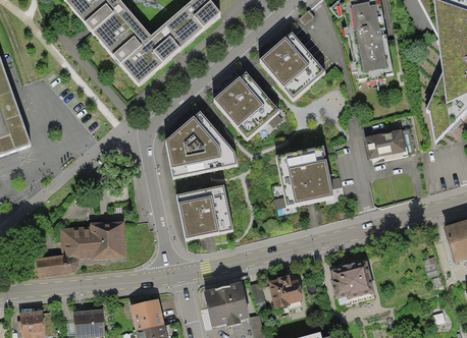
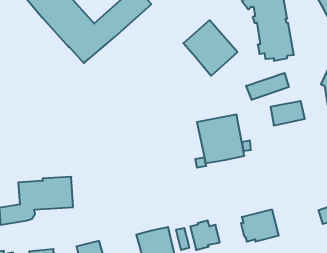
building: [213,71,279,138] -> none
building: none -> [246,73,289,100]
building: [166,111,239,177] -> none
building: [176,185,234,239] -> none

